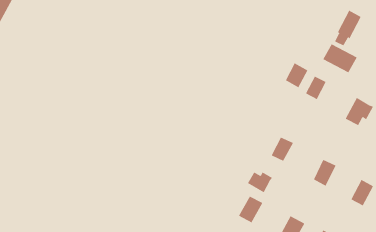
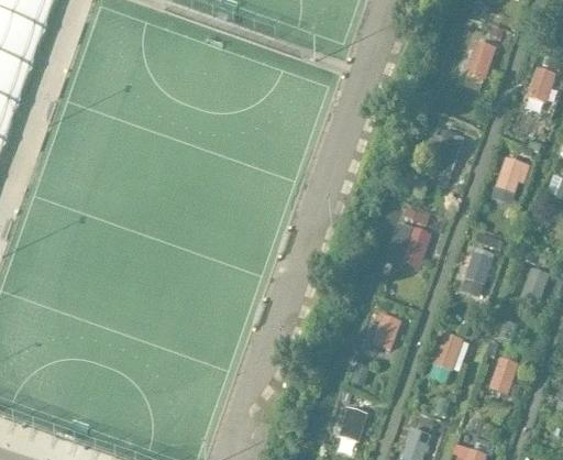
building: [322,43,358,73] -> none
building: [285,63,308,88] -> none
building: [247,172,273,193] -> none

